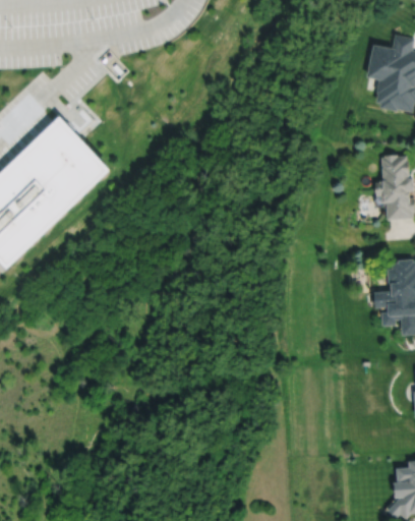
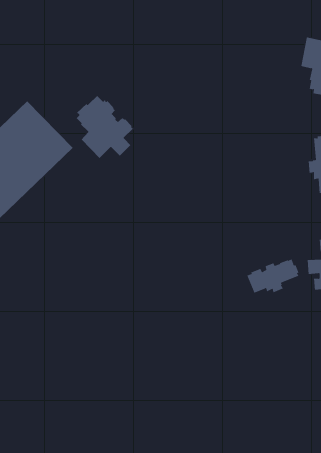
building: none -> [76,95,134,159]
building: none -> [246,258,299,294]

